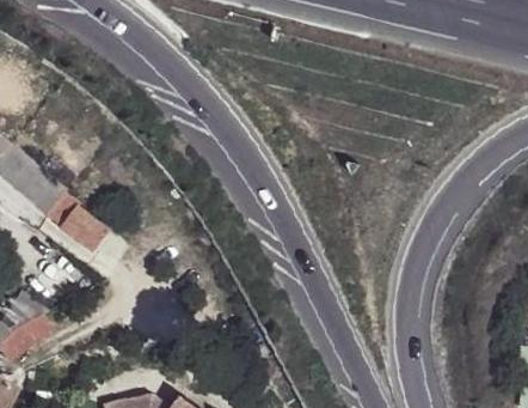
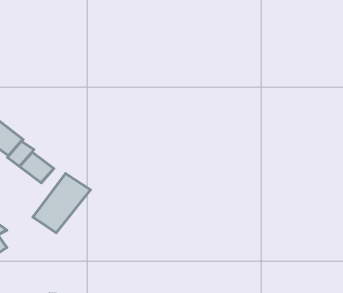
building: none -> [33,173,90,233]

